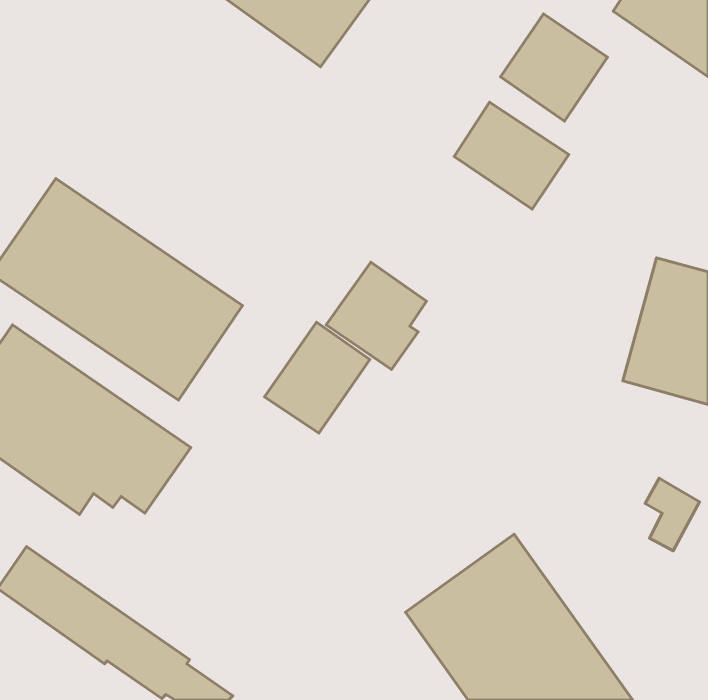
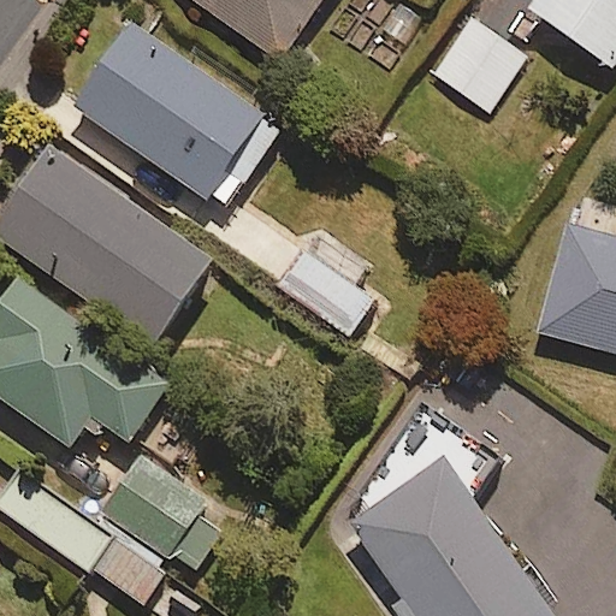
building: none -> [72,22,283,212]
building: [454,102,569,209] -> none
building: [264,322,370,433] -> none
building: none -> [103,458,218,568]

